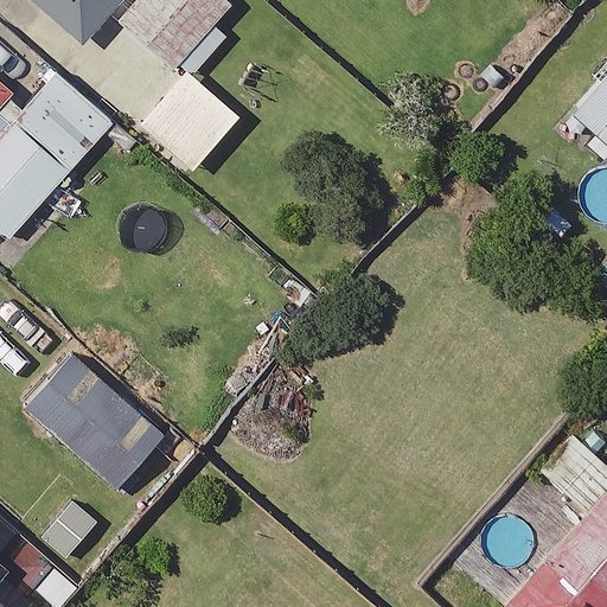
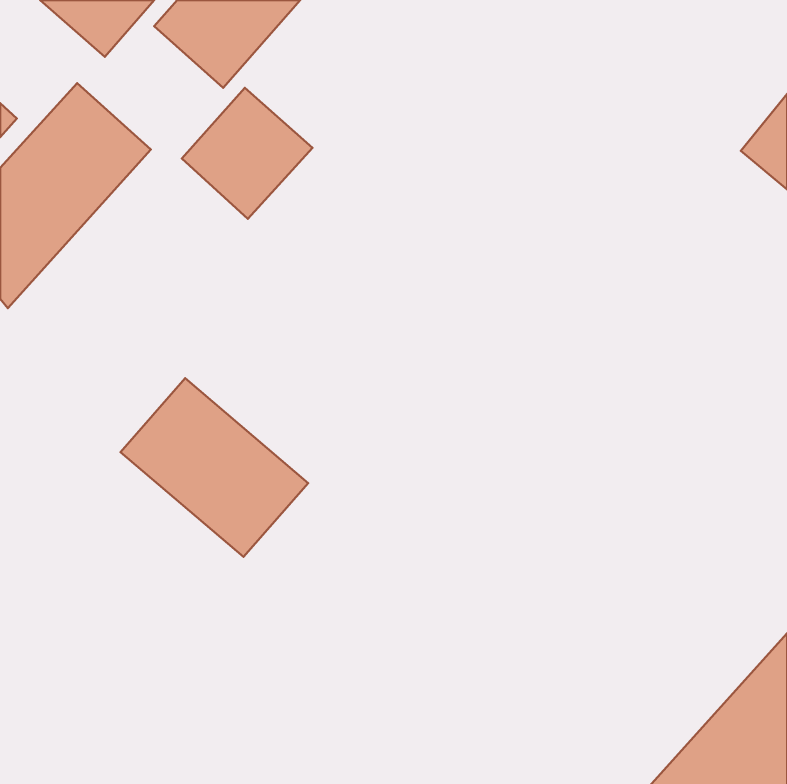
building: [23,351,167,488] -> [120,378,308,557]

